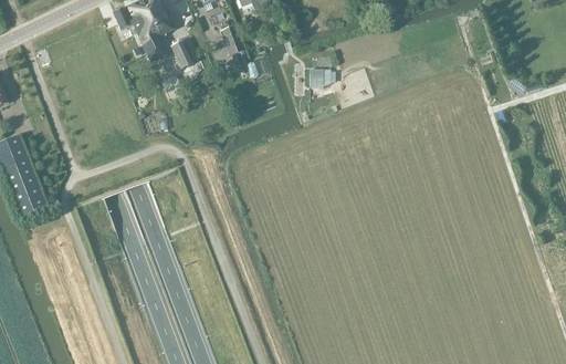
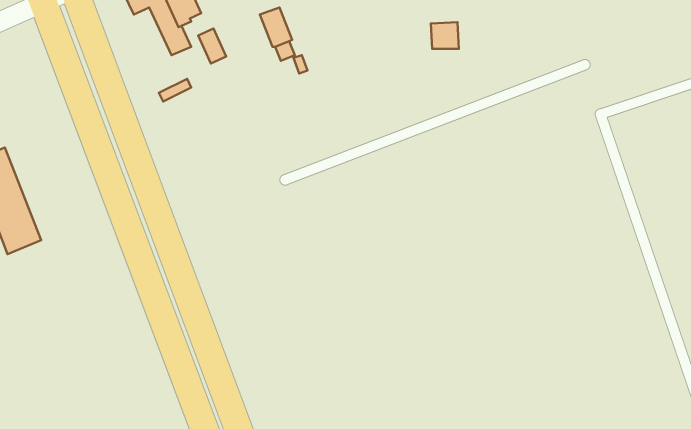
building: [308,67,331,89] -> [431,22,459,49]

